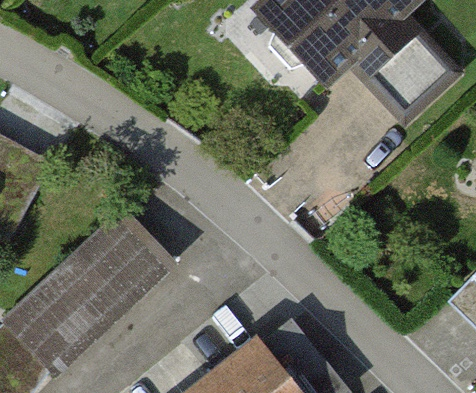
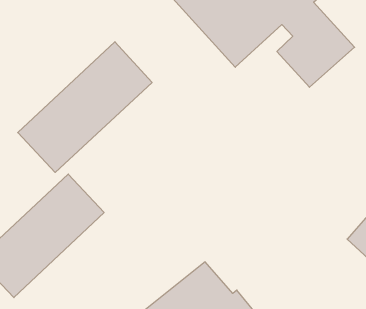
building: none -> [18,42,152,172]

